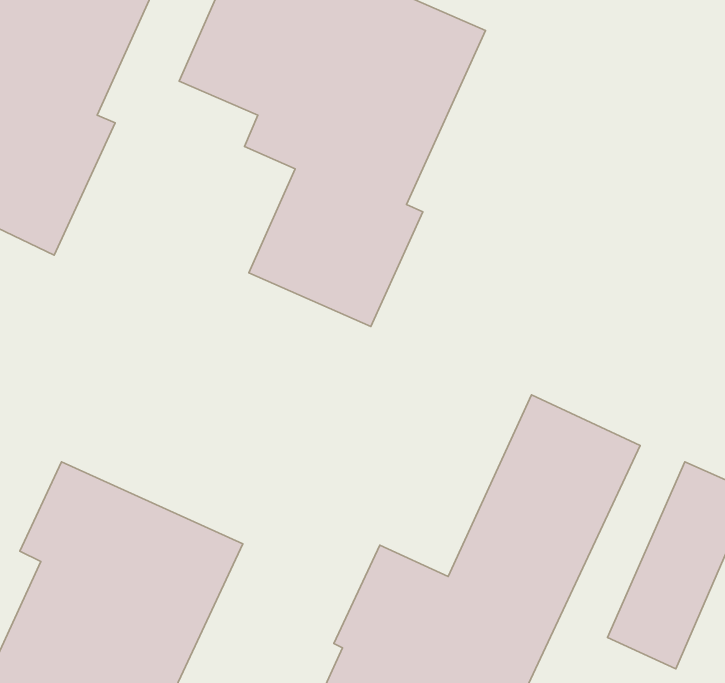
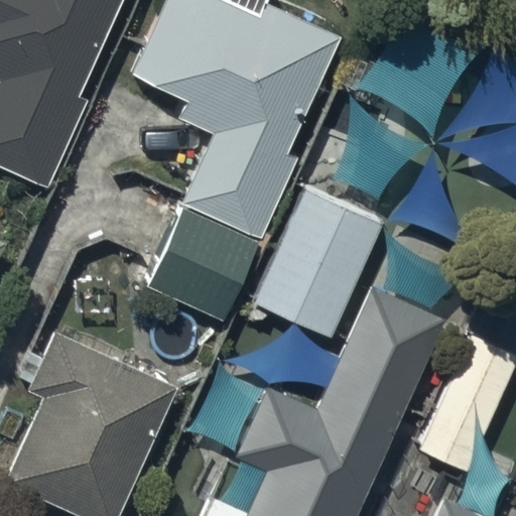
building: none -> [252,188,383,338]
building: none -> [147,211,258,322]

